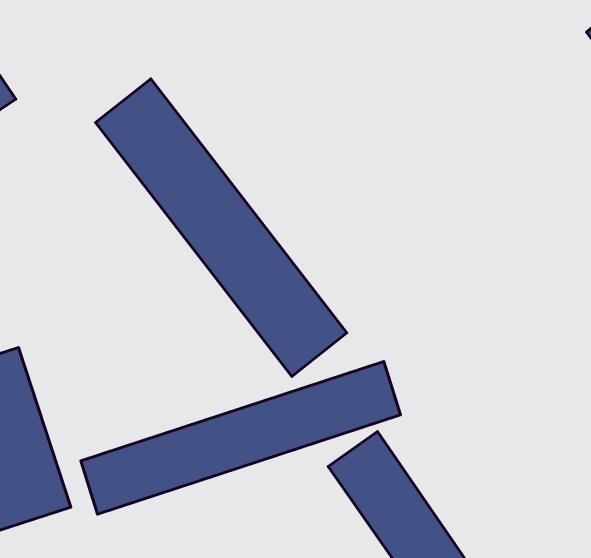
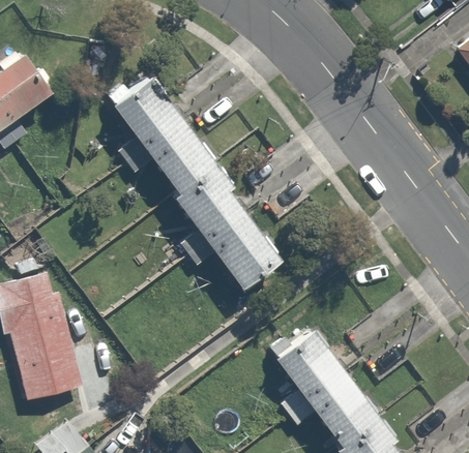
building: [81,362,401,514] -> none

